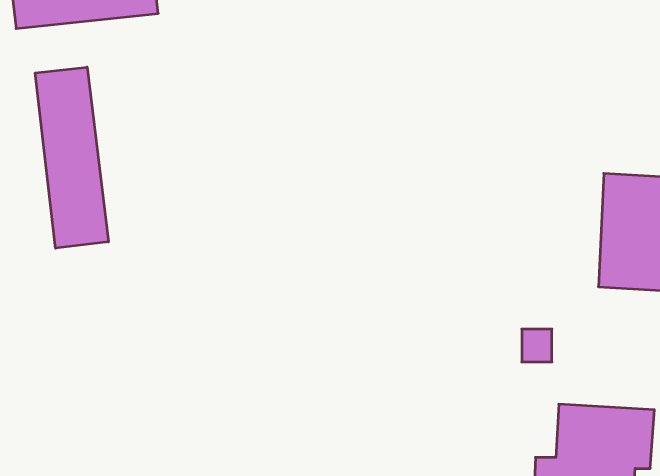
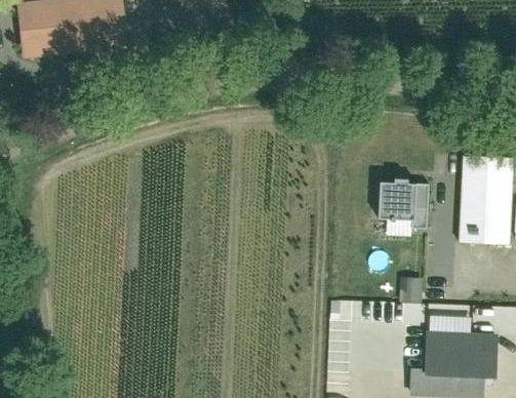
building: [35,67,108,248] -> none
building: none -> [379,182,428,231]

